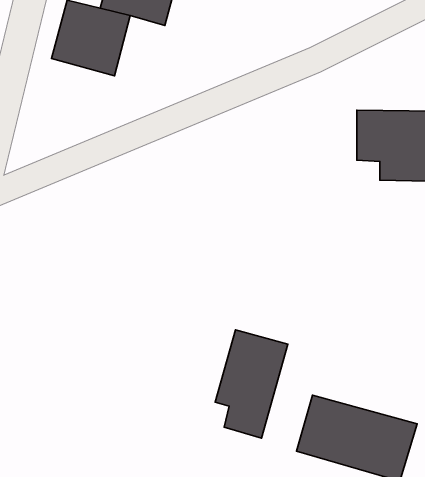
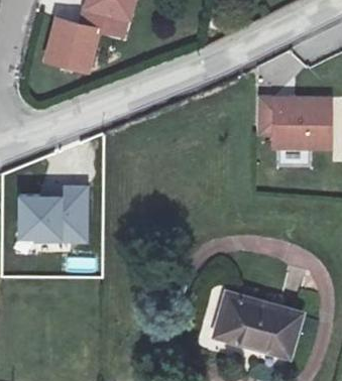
building: none -> [15,184,91,244]
building: [215,330,288,438] -> none

